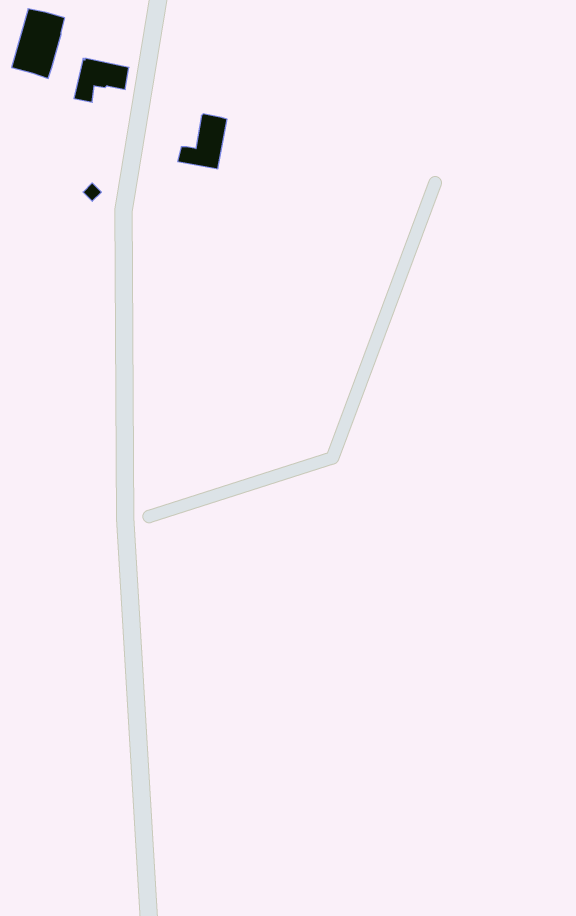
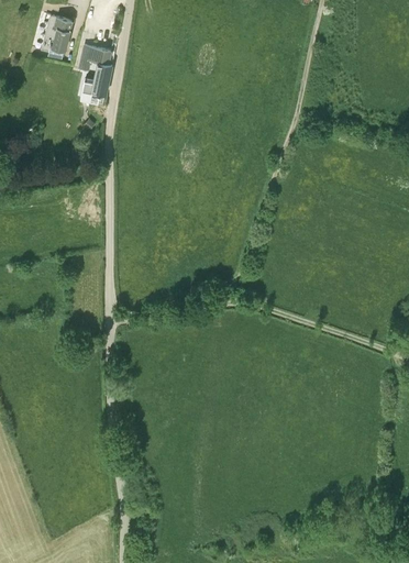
building: [178,114,227,169] -> [84,62,113,95]

